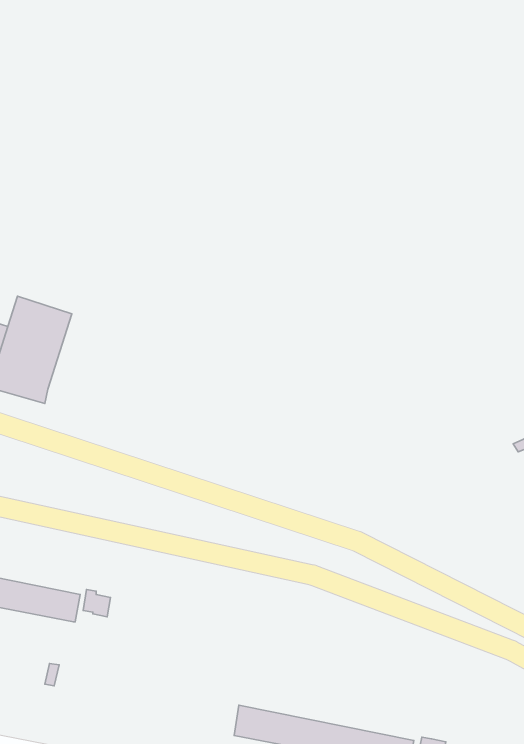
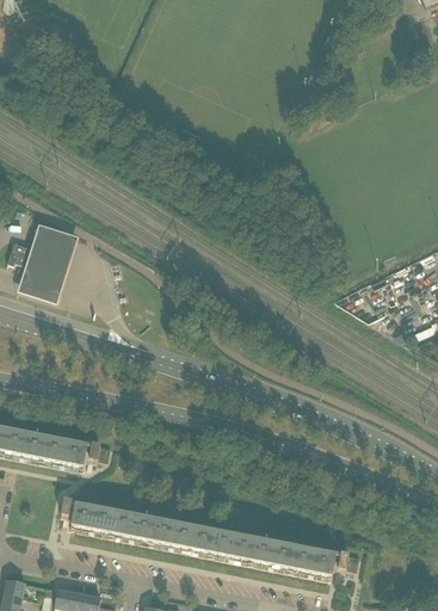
building: none -> [72,500,205,549]

